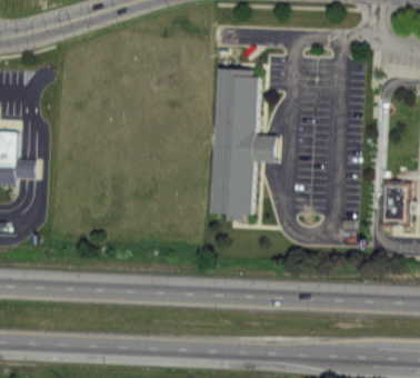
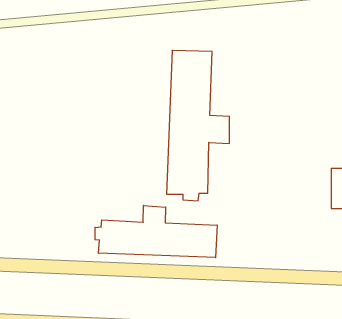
building: none -> [95,205,217,258]

